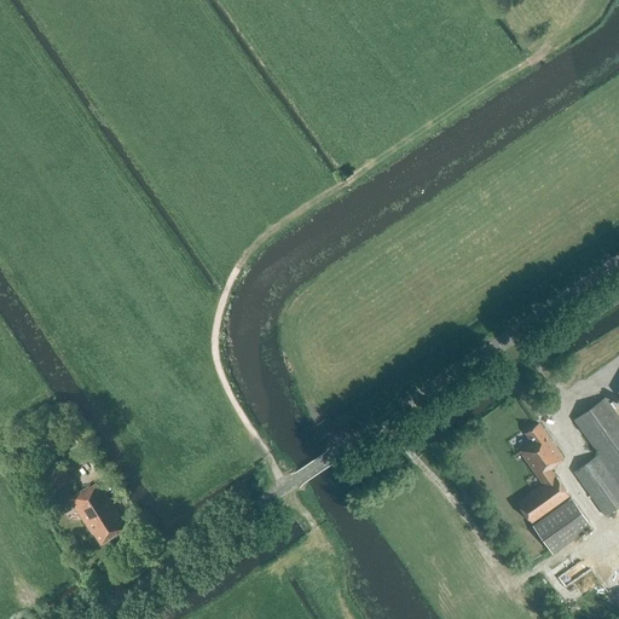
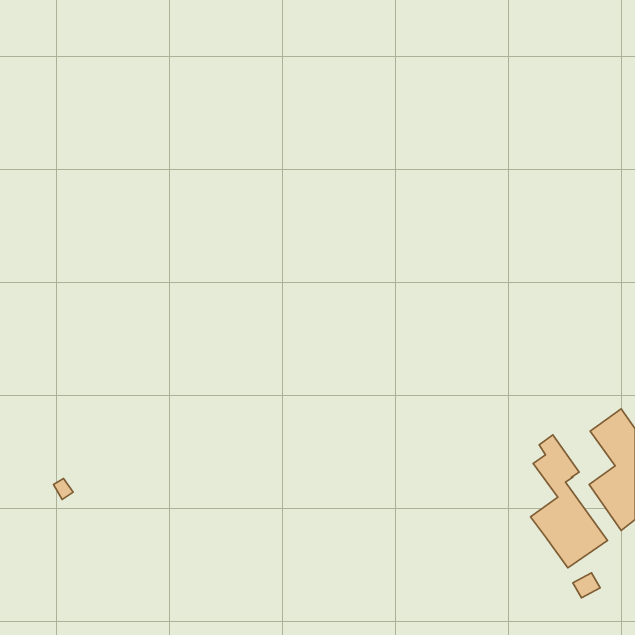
building: [69,481,126,544] -> none

